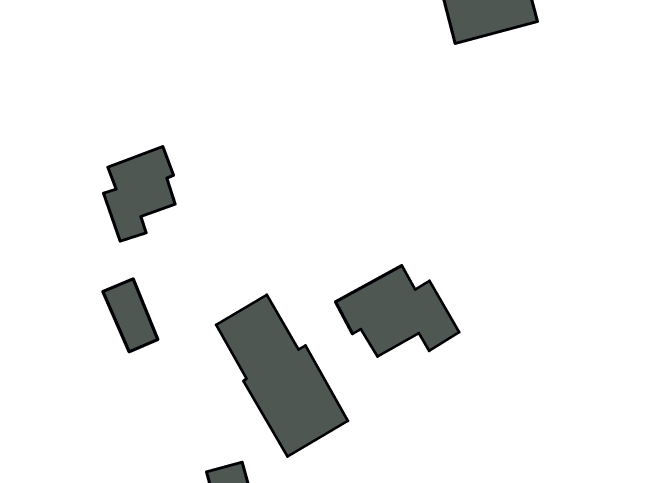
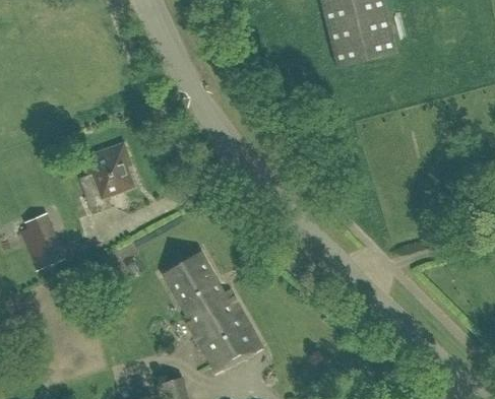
building: [335,265,459,356] -> none
building: [103,279,158,352] -> [23,214,64,268]

